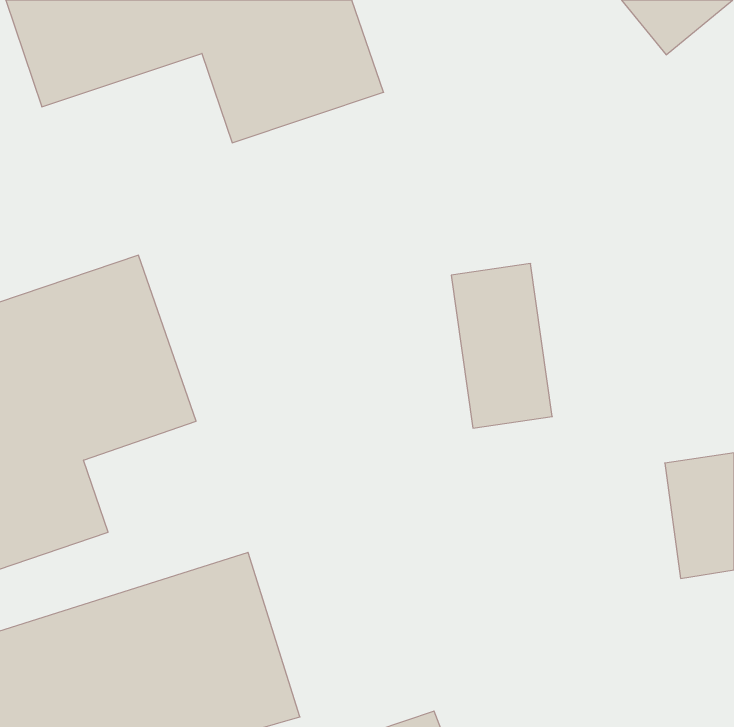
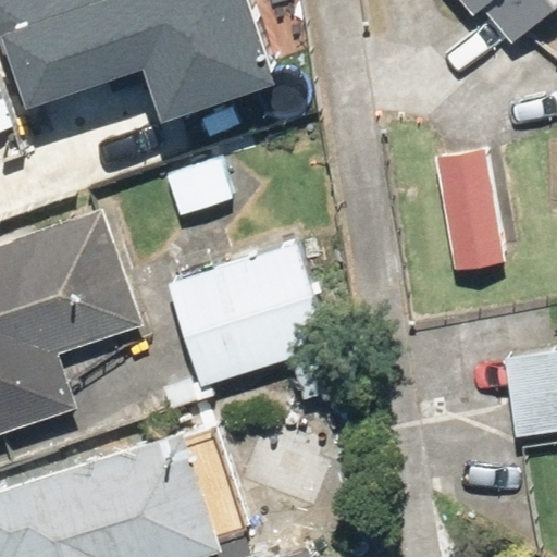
building: [451,264,552,428] -> [433,150,509,274]
building: none -> [164,240,327,388]

